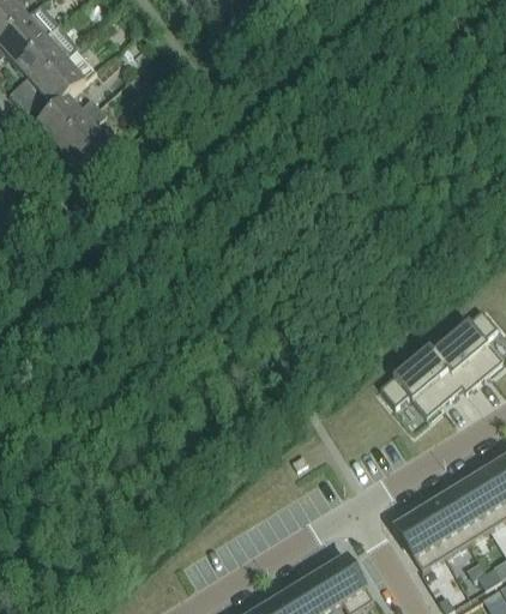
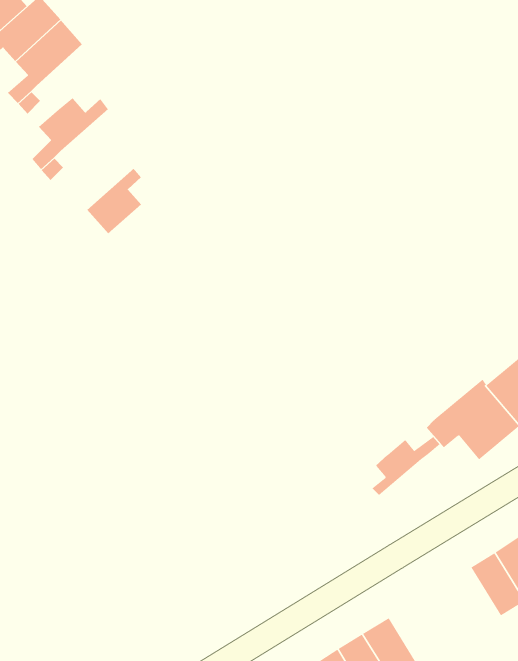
building: [35,48,96,106] -> none
building: [56,106,106,164] -> [86,168,142,234]
building: none -> [372,436,440,496]
building: [394,511,445,568] -> none

